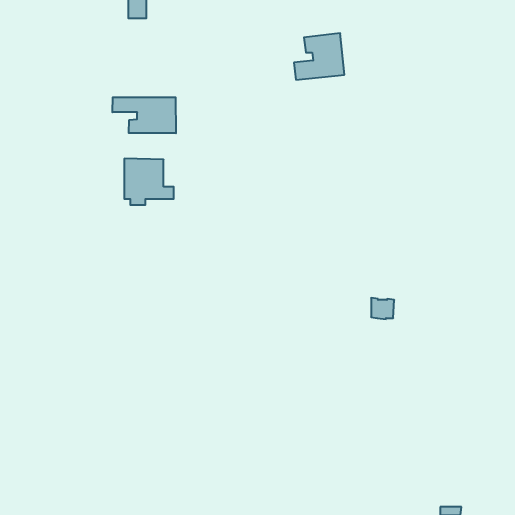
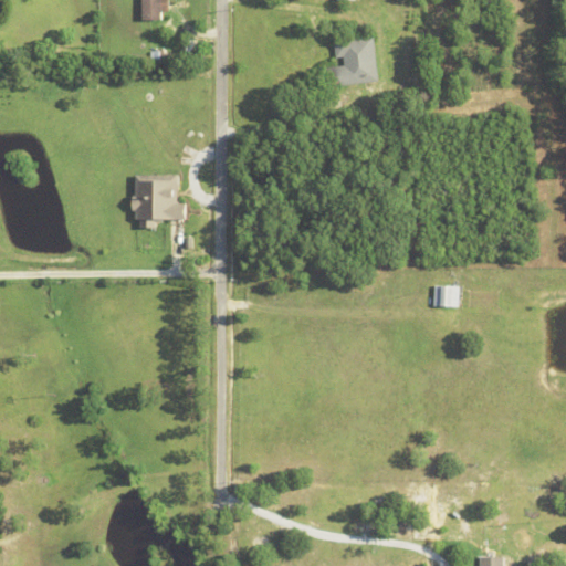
building: [112,97,176,133] -> none
building: [371,298,394,319] -> [433,285,459,308]

